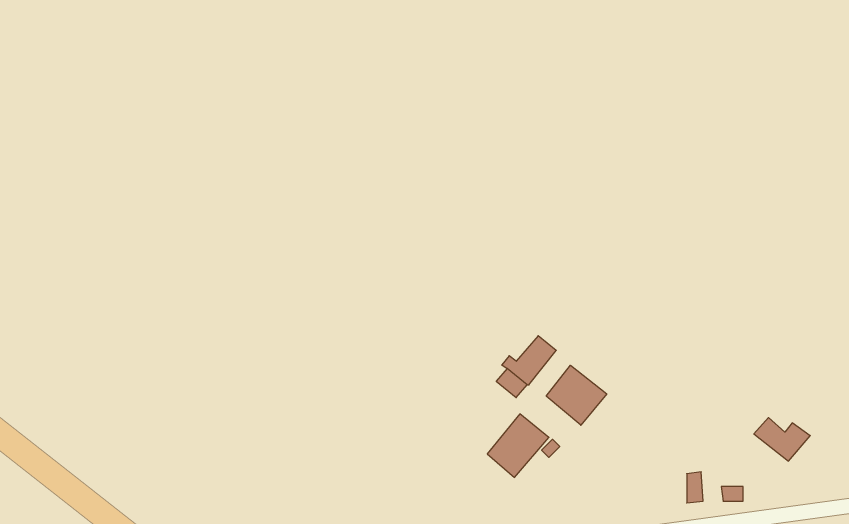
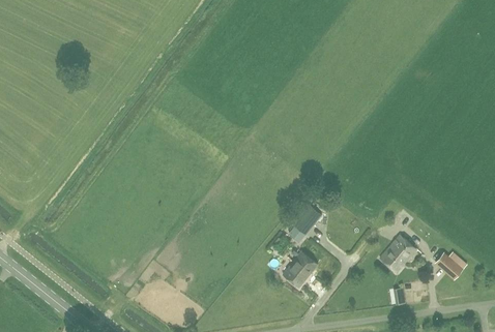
building: [546,365,607,425] -> none
building: none -> [380,235,416,272]

